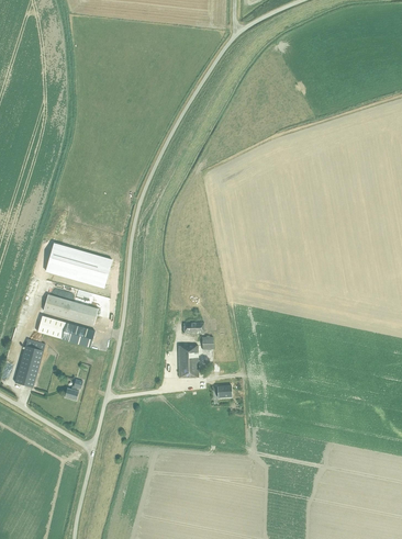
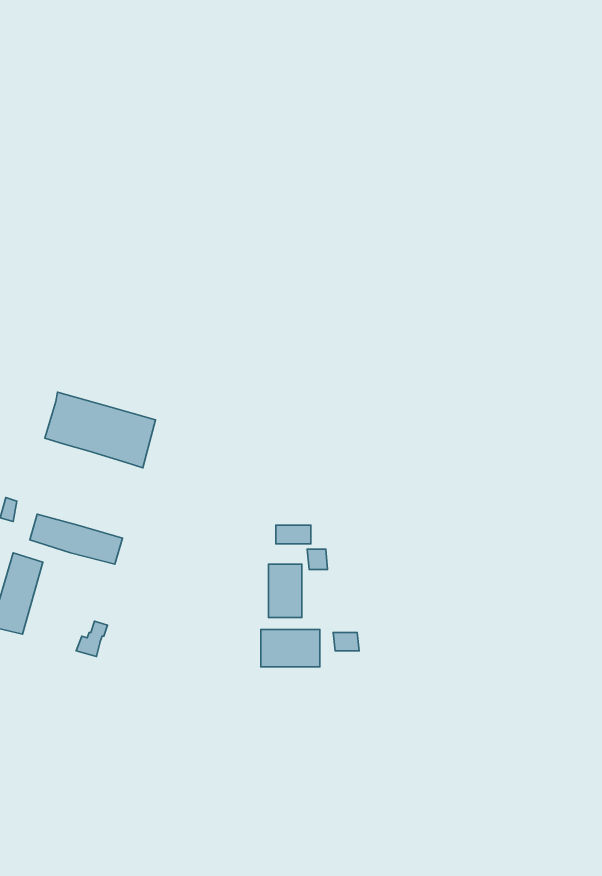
building: [43,294,98,324] -> none
building: none -> [261,630,320,667]

